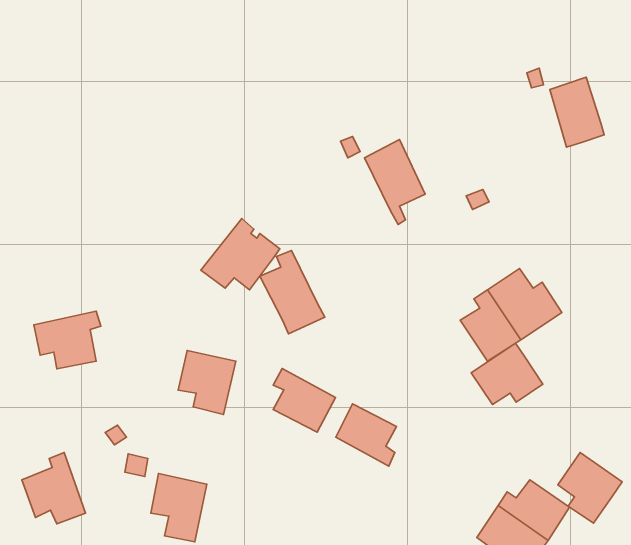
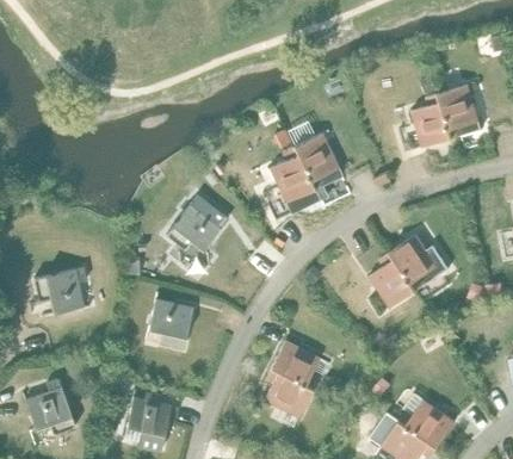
building: none -> [412,93,452,147]
building: [260,250,325,334] -> [268,147,320,212]
building: [471,343,543,405] -> none
building: [273,368,335,432] -> [264,366,313,416]
building: [558,453,622,523] -> none

